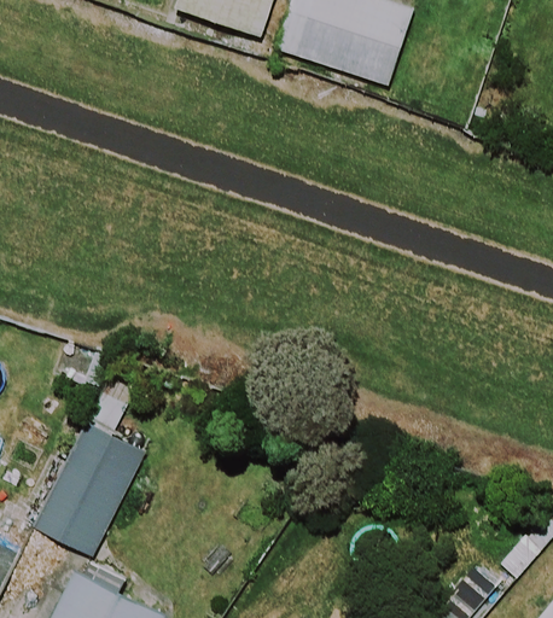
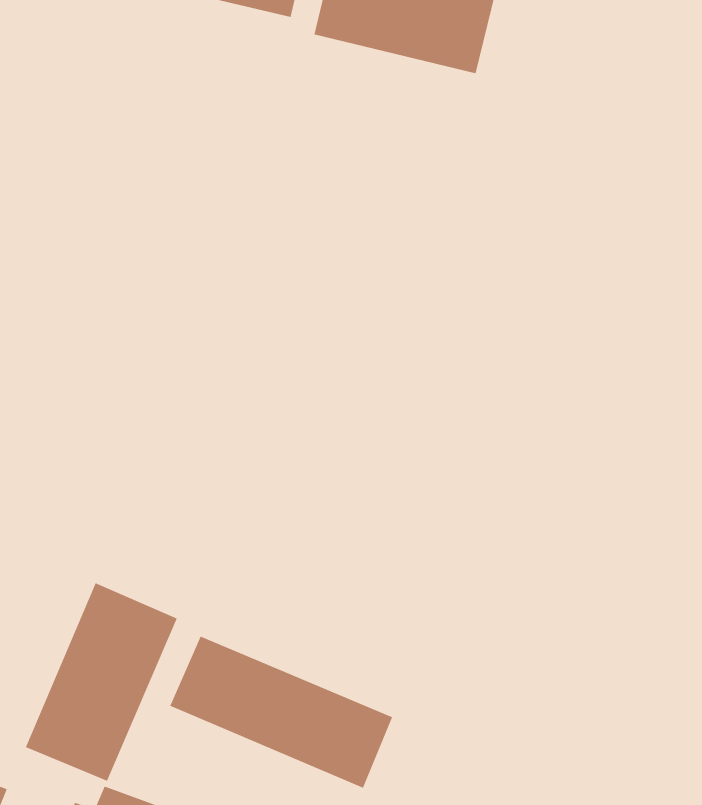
building: none -> [169,635,393,789]

